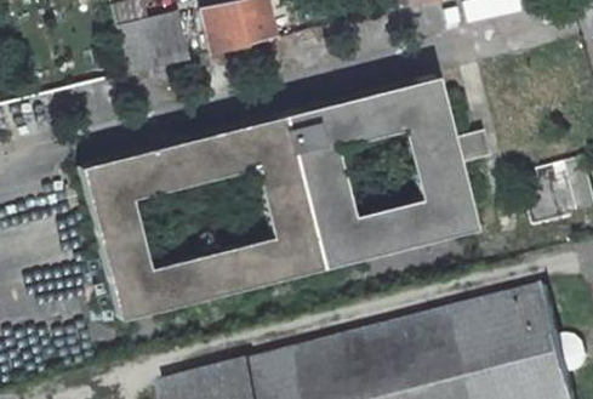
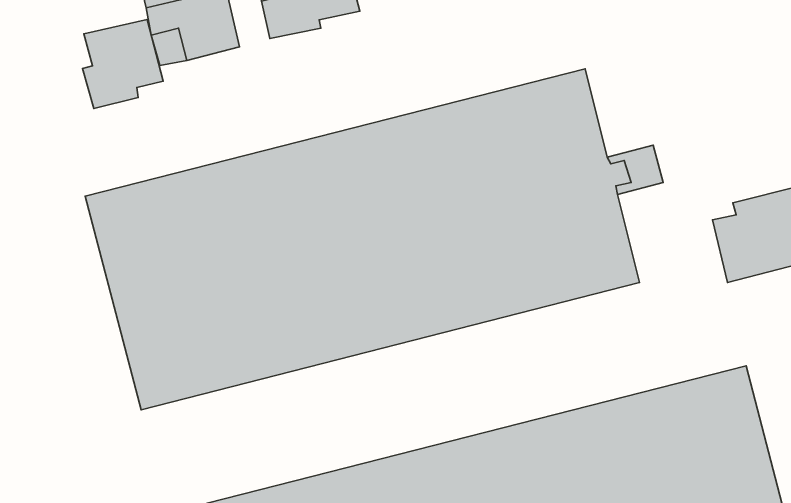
building: none -> [82,19,163,109]

